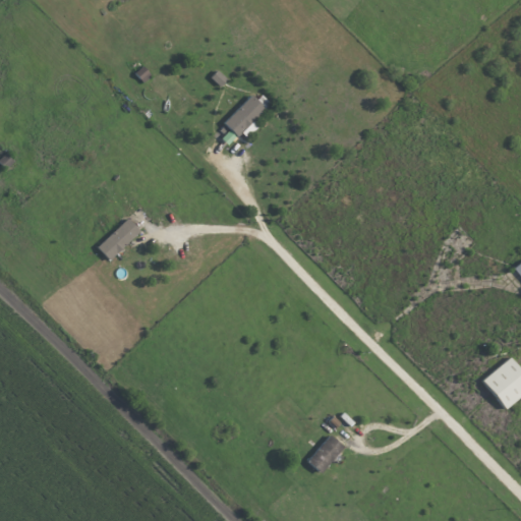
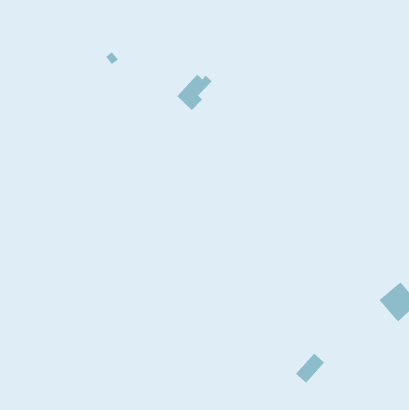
building: [98,218,139,260] -> none
building: [306,435,344,473] -> [295,353,325,383]

